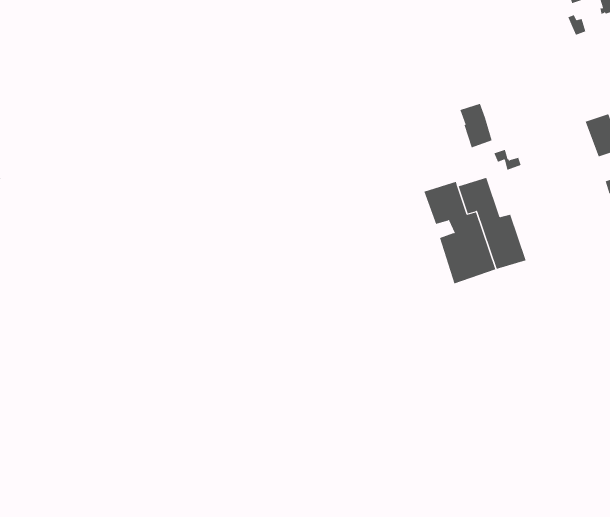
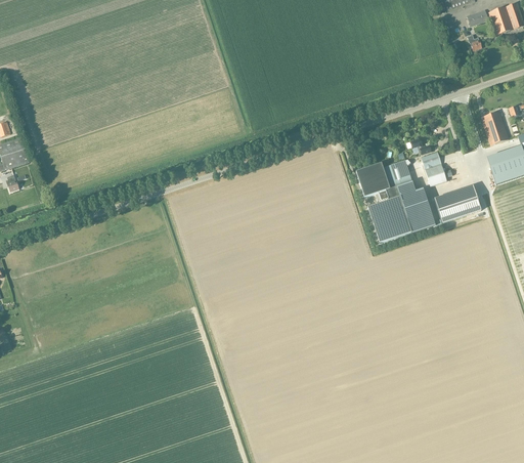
building: [459,103,493,148] -> [422,152,447,186]
building: none -> [435,184,482,222]

